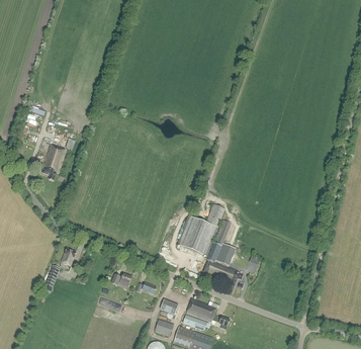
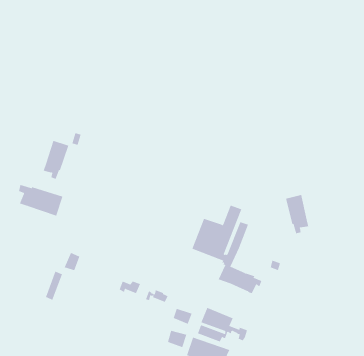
building: none -> [18,184,63,217]
building: none -> [285,194,309,234]

